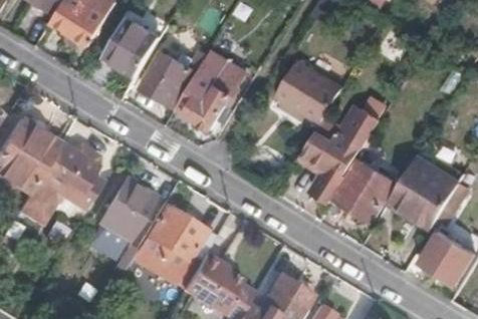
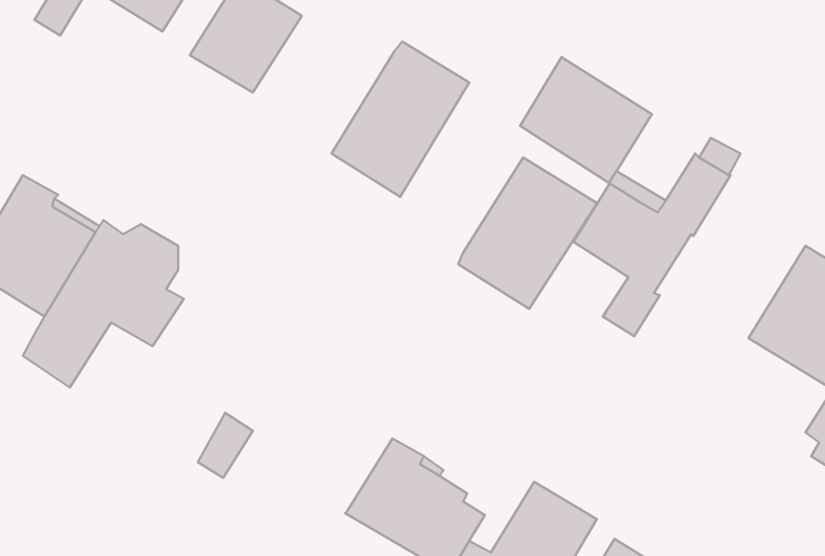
building: [143,44,208,107] -> none
building: none -> [458,157,597,309]
building: [334,158,398,221] -> none
building: [97,177,156,241] -> none
building: [134,206,217,290] -> none

